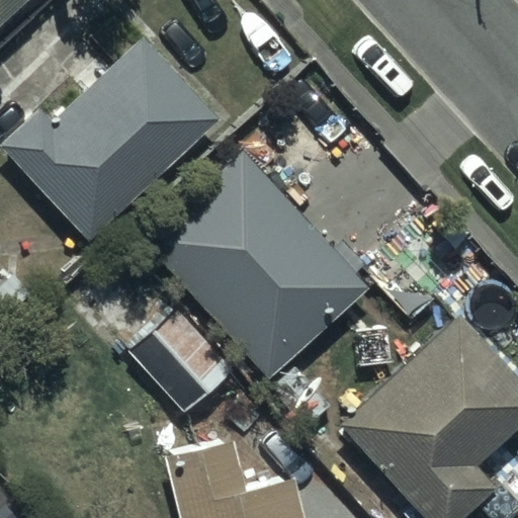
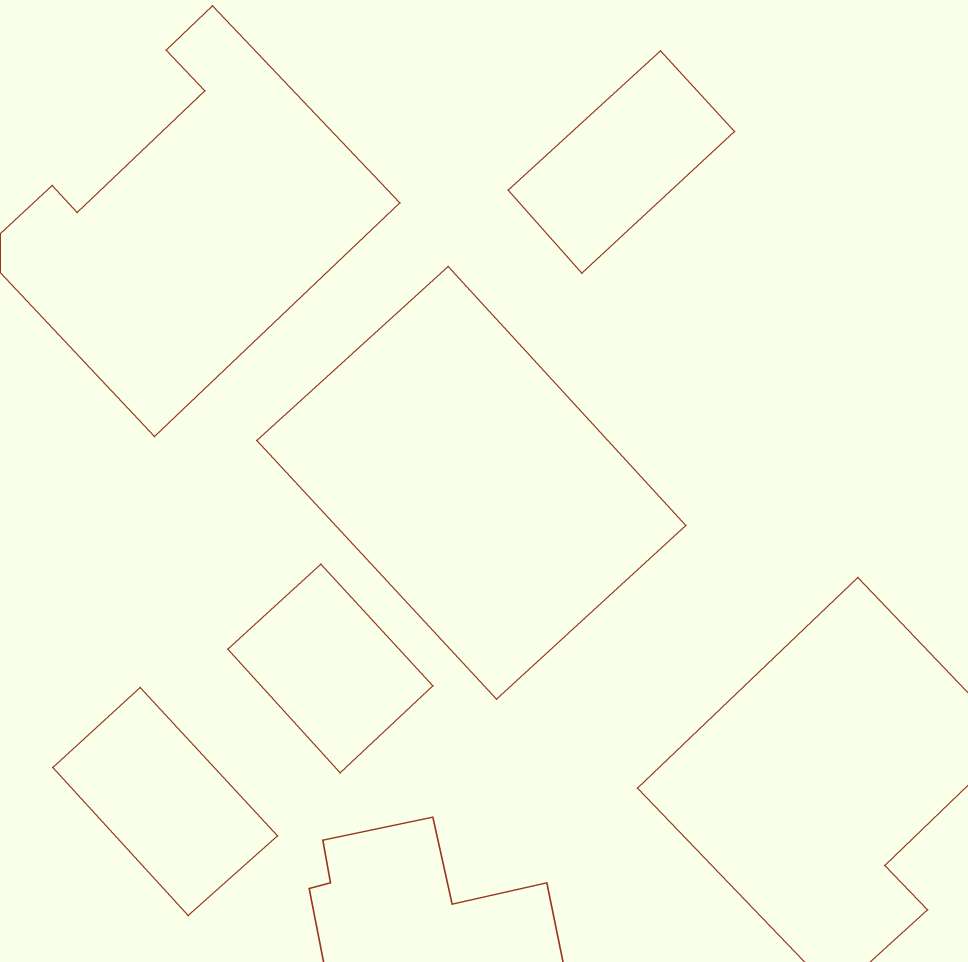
building: none -> [508,51,735,273]
building: none -> [53,687,278,916]

